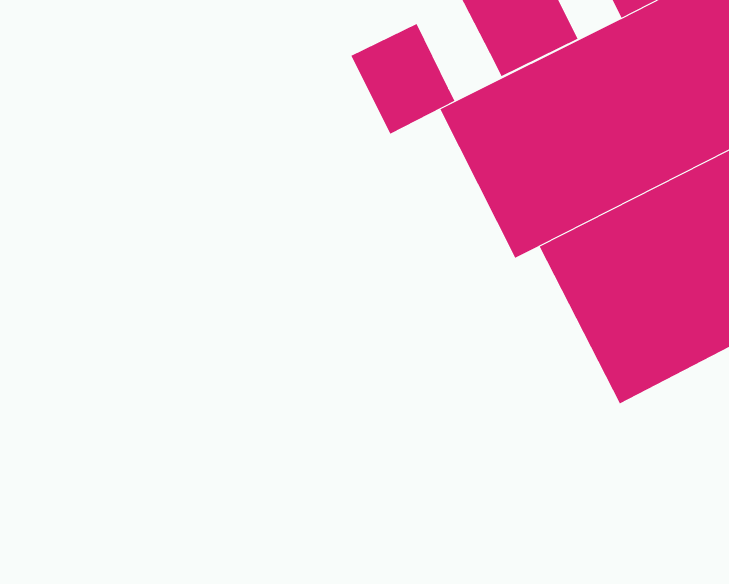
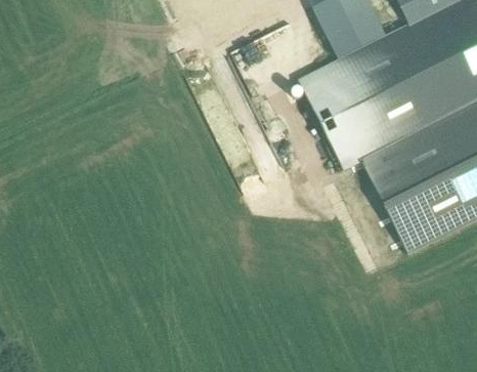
building: [351,23,455,135] -> none

